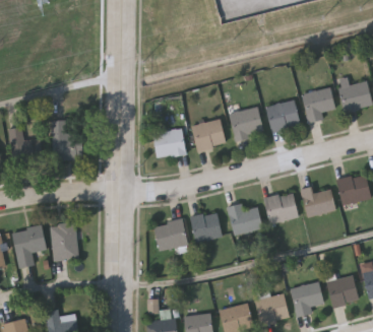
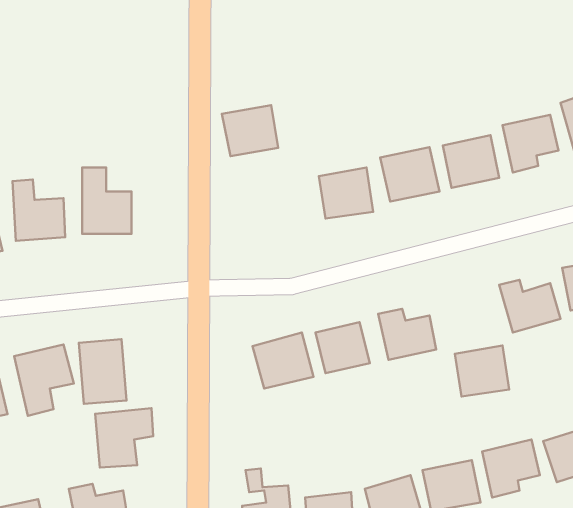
building: [151,129,185,159] -> [222,105,278,156]
building: [265,193,298,223] -> [455,345,509,396]
building: none -> [95,408,153,468]

